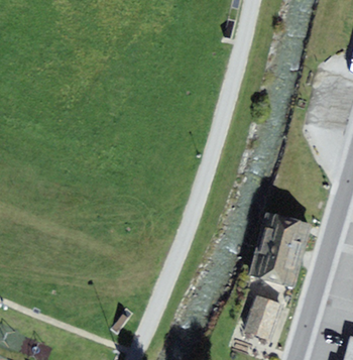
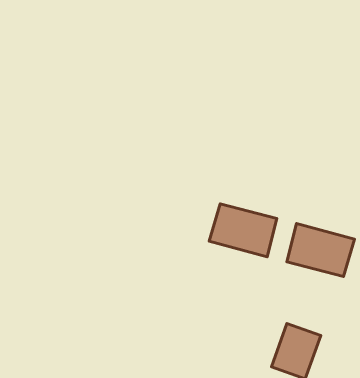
building: [247,243,304,287] -> [209,204,277,257]

